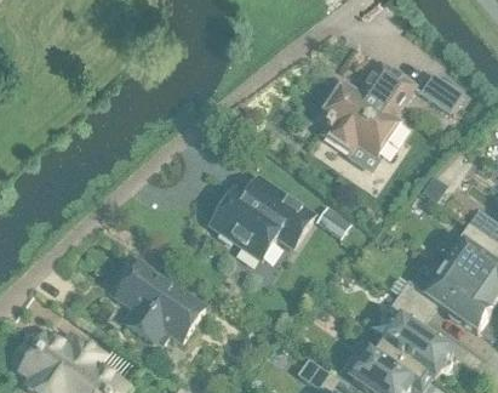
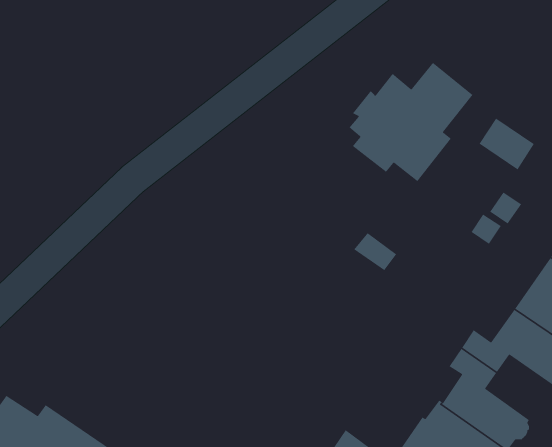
building: [418,72,462,113] -> [479,117,535,171]
building: [210,177,313,258] -> none
building: [128,266,211,341] -> none

